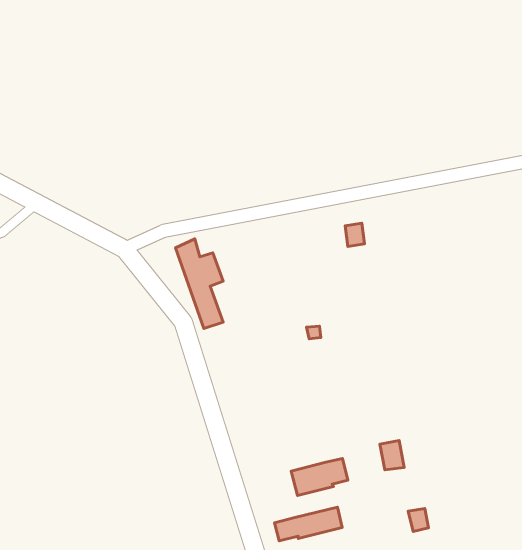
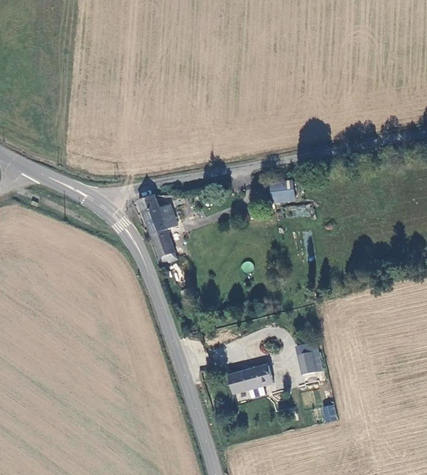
building: [274,507,342,541] -> none

